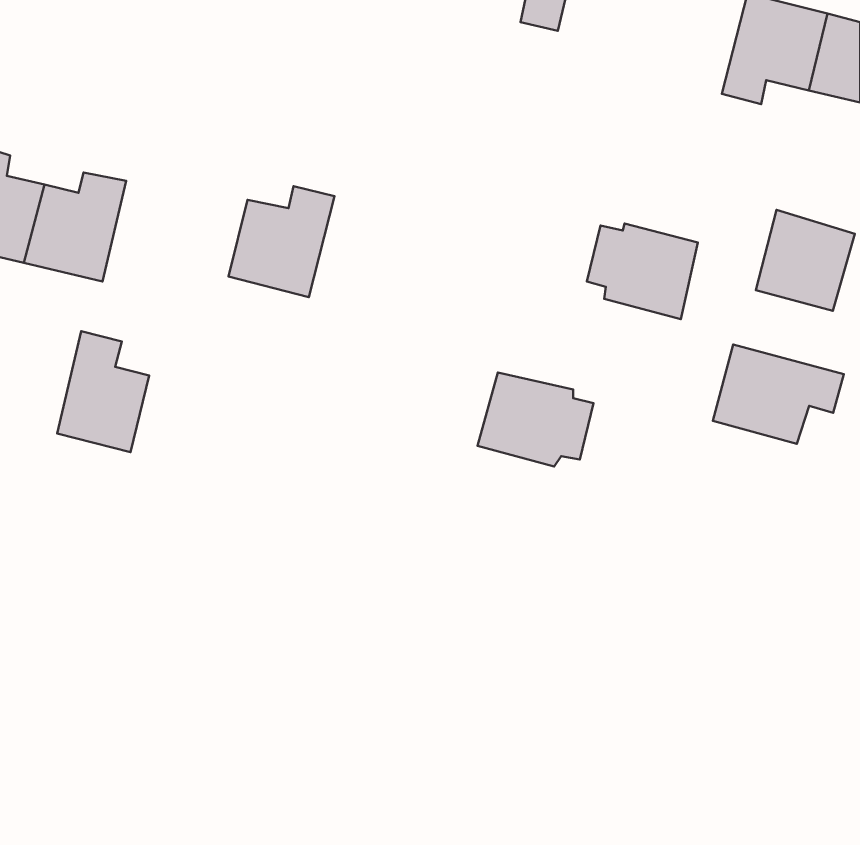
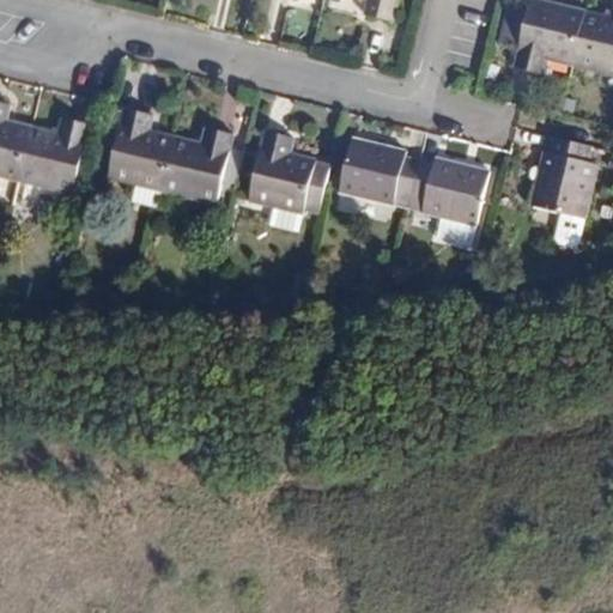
building: none -> [249,132,312,216]
building: [57,331,149,452] -> [109,109,174,194]
building: [713,345,844,444] -> none
building: [478,373,594,466] -> [340,136,421,202]

